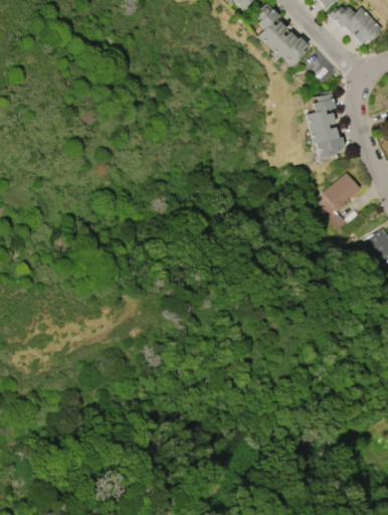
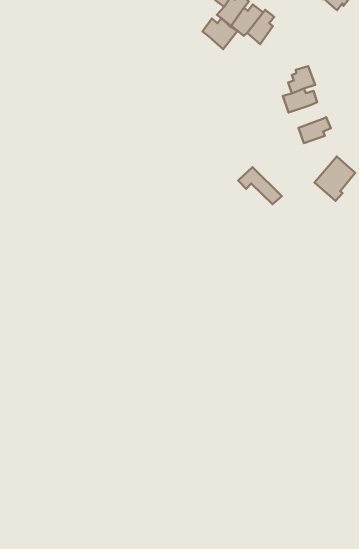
building: none -> [203,18,238,49]
building: [309,125,338,143] -> none
building: [312,195,348,229] -> [238,167,282,204]

